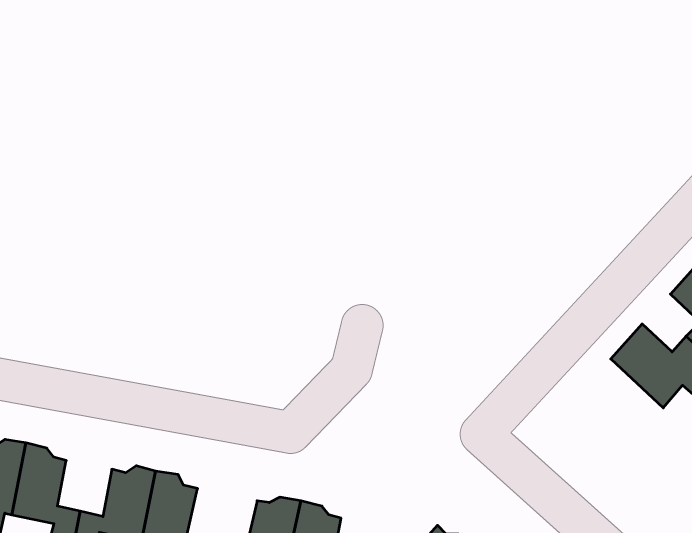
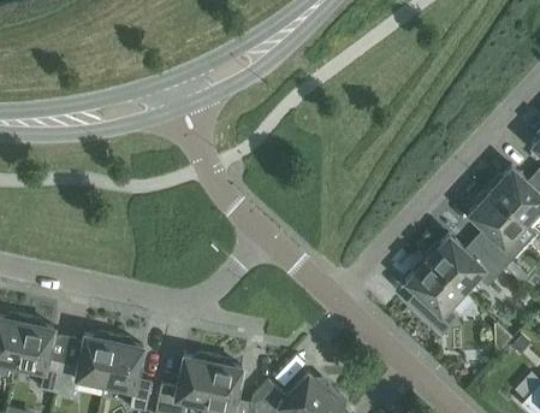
building: none -> [404,259,463,336]

